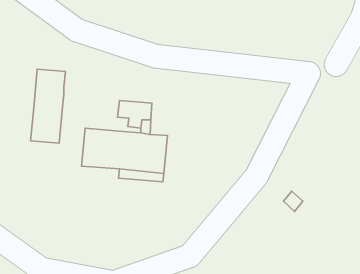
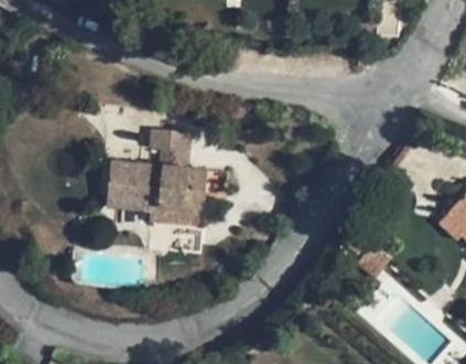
building: [31,69,66,143] -> none

